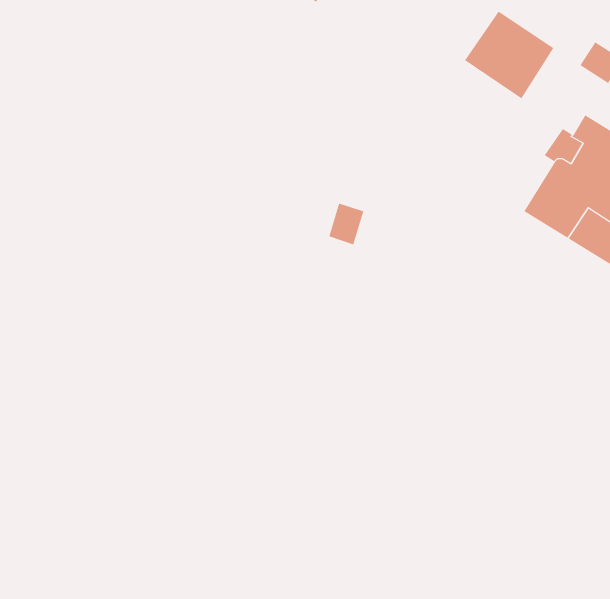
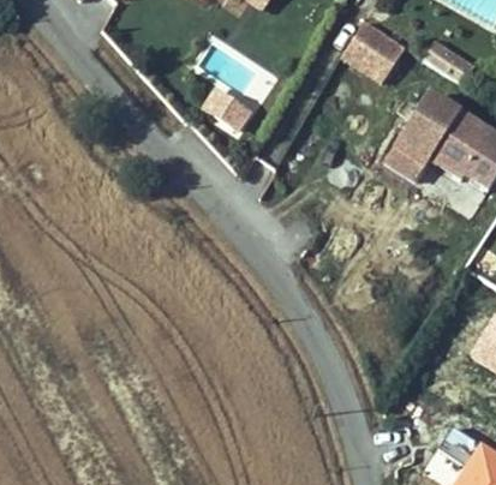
building: none -> [198,80,253,130]

